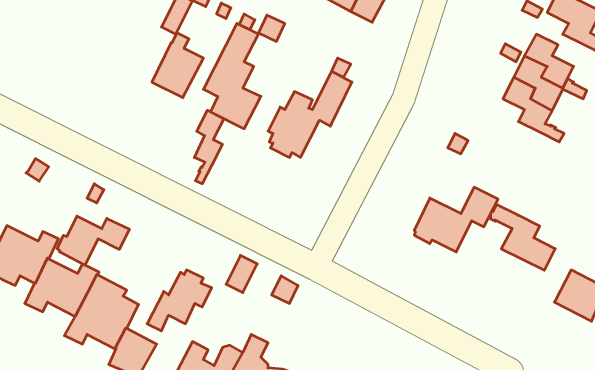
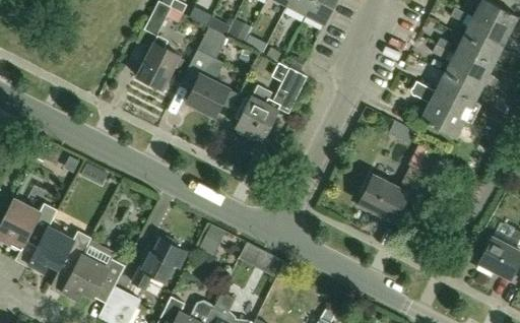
building: none -> [462,17,503,63]
building: [194,110,224,184] -> none
building: [491,204,555,270] -> [410,81,465,137]
building: [57,216,129,265] -> none

